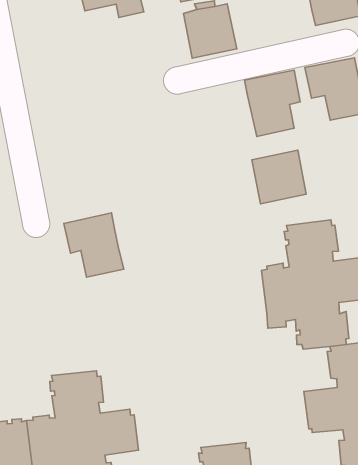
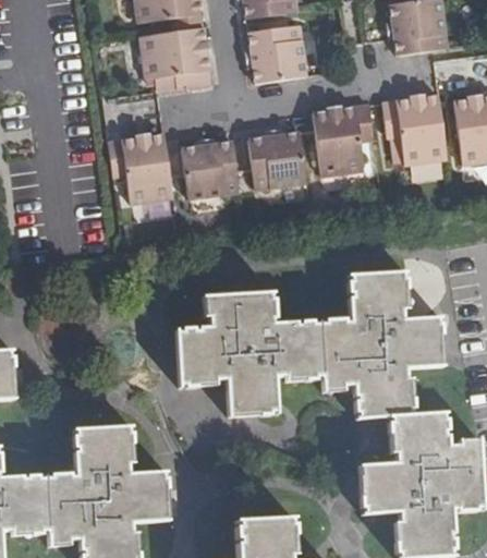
building: none -> [141,27,212,87]
building: none -> [182,141,241,198]
building: [252,150,306,204] -> [248,131,307,189]
building: [64,213,124,277] -> [110,133,174,204]
building: none -> [176,294,322,417]

